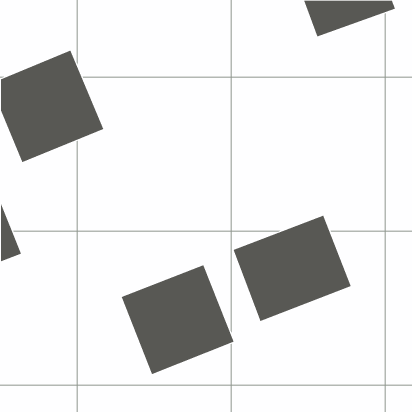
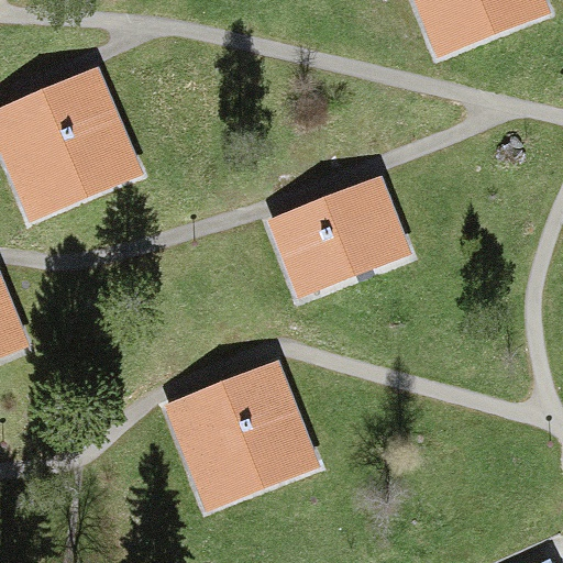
building: none -> [268,176,409,296]
building: [233,215,352,322] -> none

